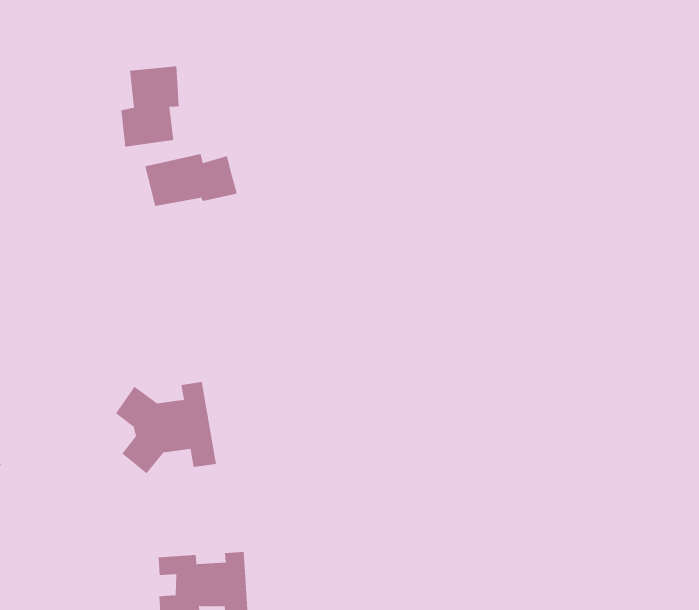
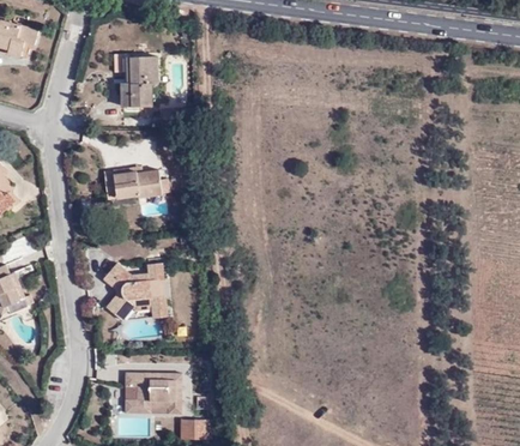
building: [145,153,237,206] -> [103,167,162,199]

